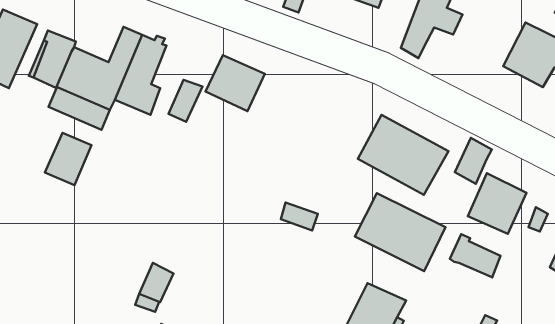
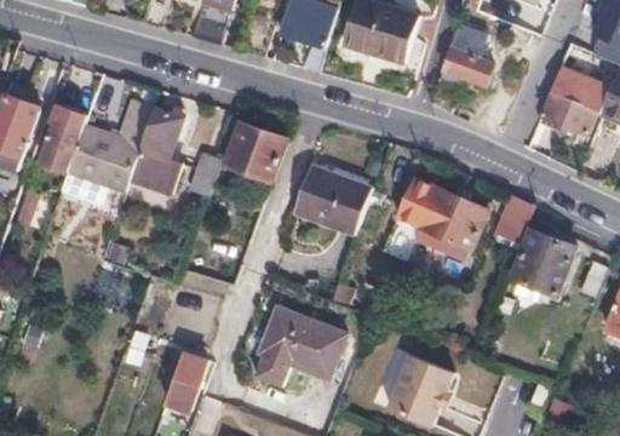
building: none -> [297,167,371,234]
building: [45,133,92,185] -> none
building: [355,193,446,271] -> none
building: none -> [259,306,344,378]
building: [450,234,501,278] -> none

